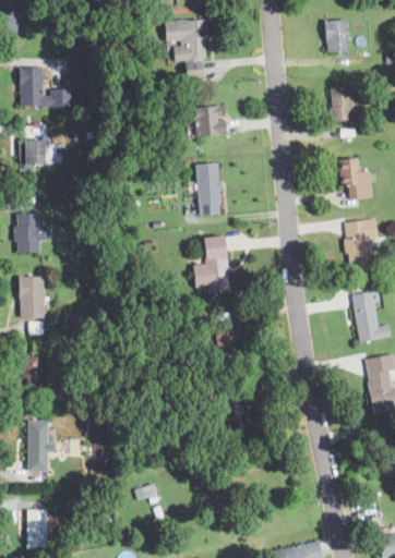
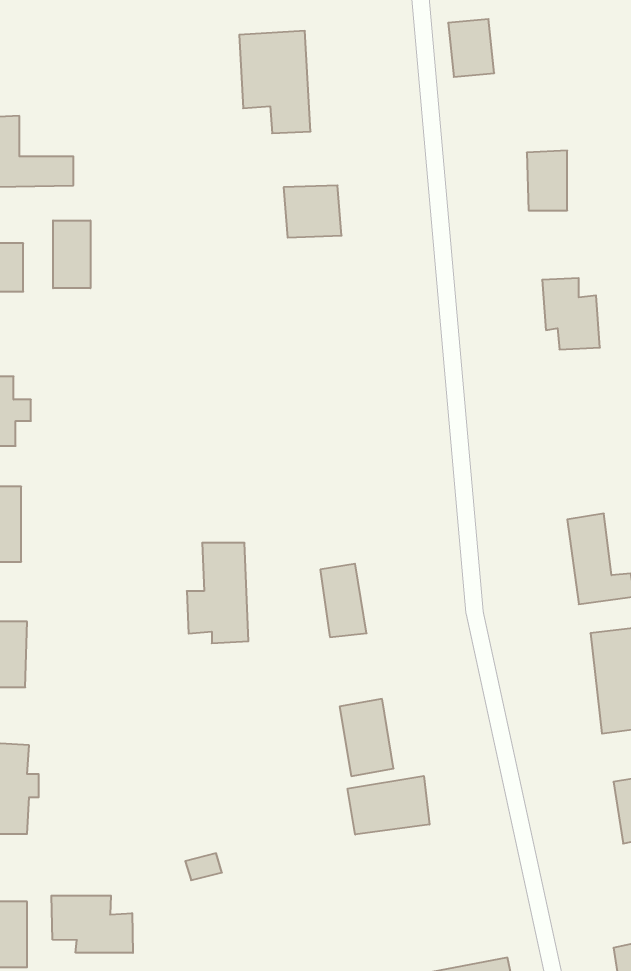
building: [324,19,350,51] -> [448,19,494,77]
building: none -> [53,220,90,288]
building: [196,162,220,215] -> none
building: [345,220,376,274] -> none
building: [193,236,228,293] -> [187,543,248,643]
building: none -> [348,776,429,835]
building: none -> [51,896,133,953]

